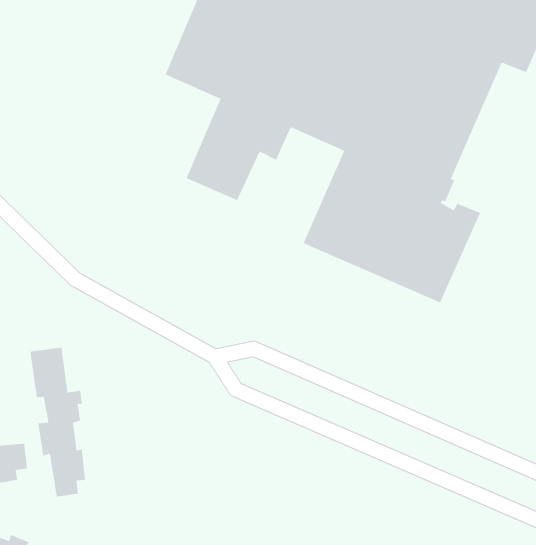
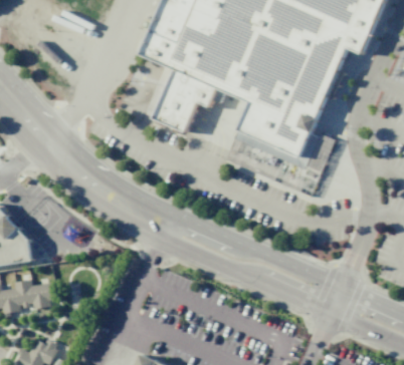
building: [30,347,86,497] -> none

